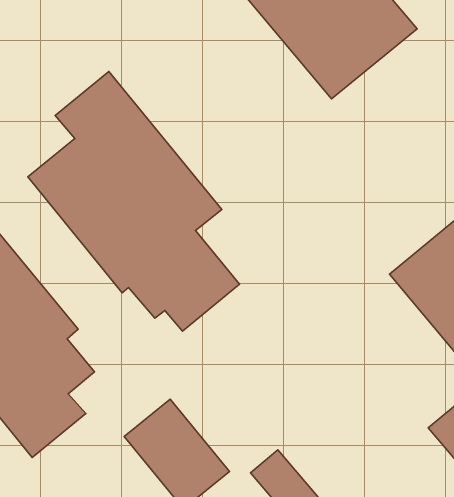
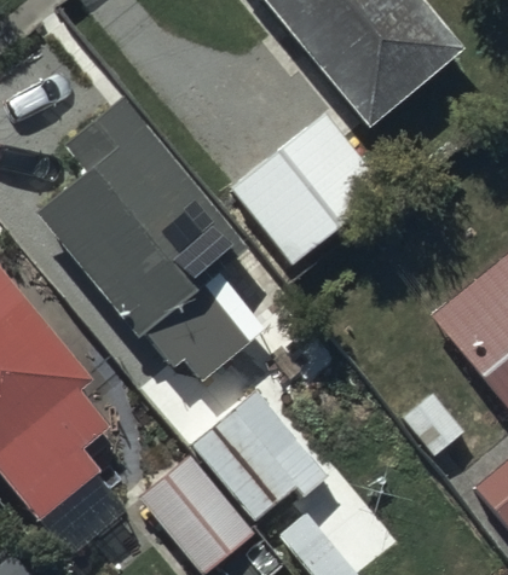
building: none -> [232,112,389,266]
building: none -> [194,393,328,521]

